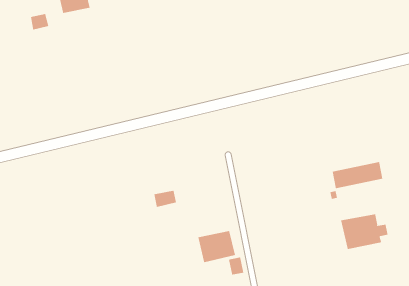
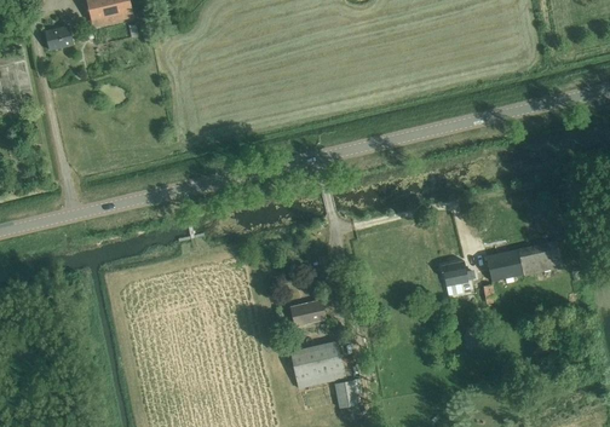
building: none -> [441,260,467,295]
building: [154,190,177,208] -> [290,300,324,325]
building: [340,214,388,250] -> none

